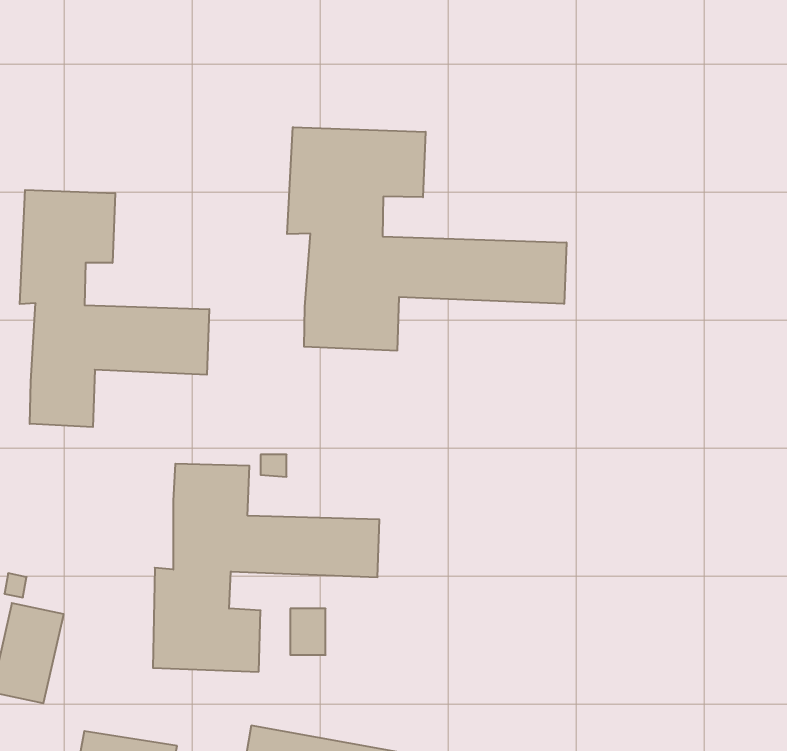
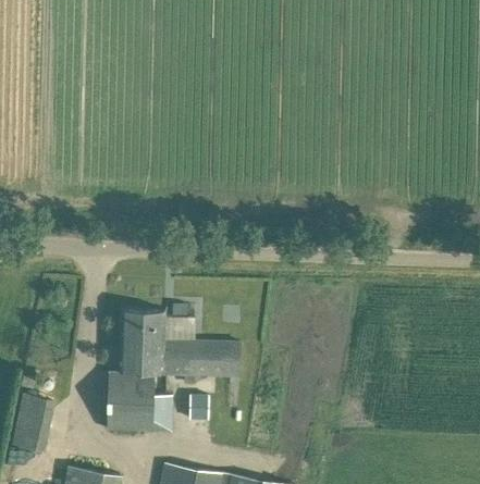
building: [287,127,566,351] -> none
building: [20,190,209,427] -> none

